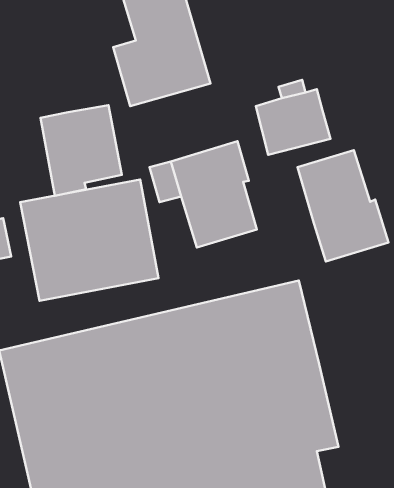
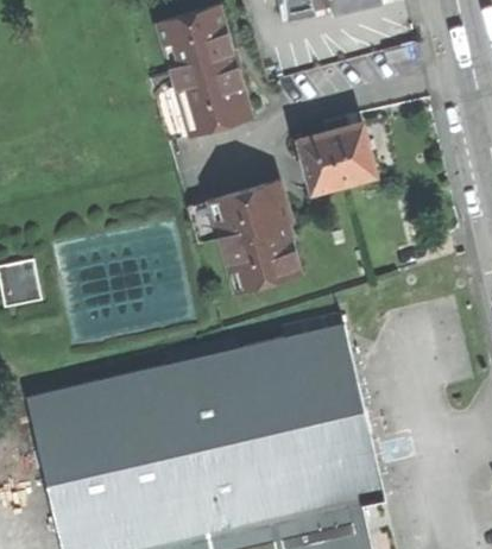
building: [40,105,122,196] -> none
building: [297,150,389,261] -> none

